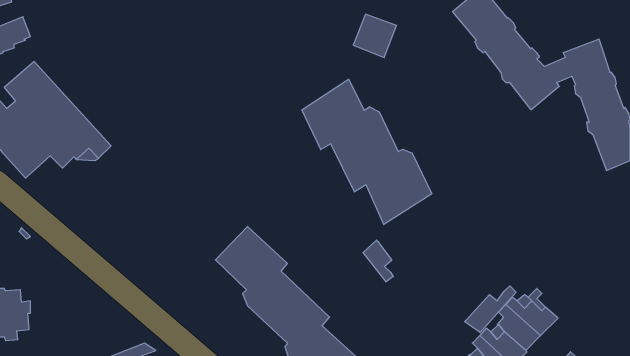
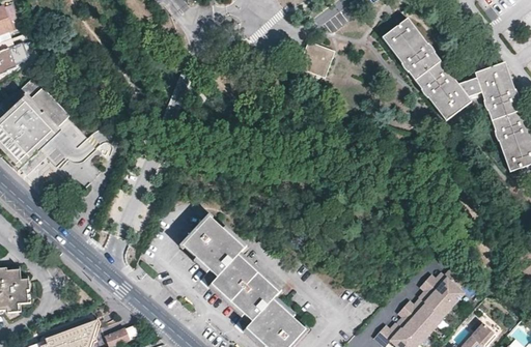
building: [302,79,432,225] -> none
building: [363,240,393,282] -> none
building: [465,286,516,333] -> none

